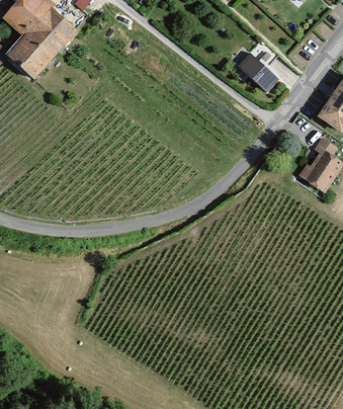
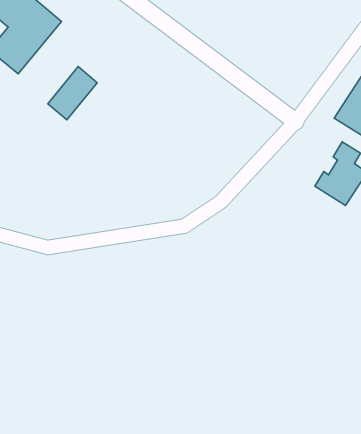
building: [238,52,280,92] -> none
building: none -> [48,67,97,120]

